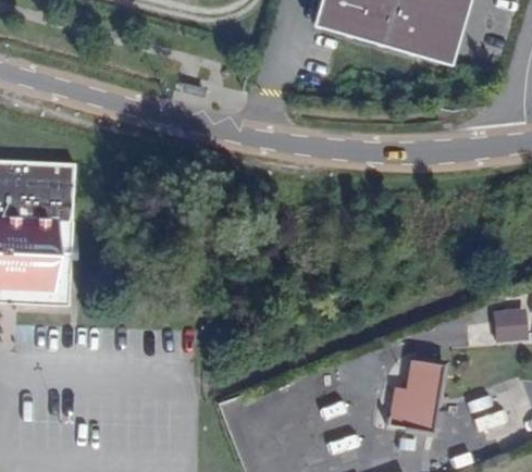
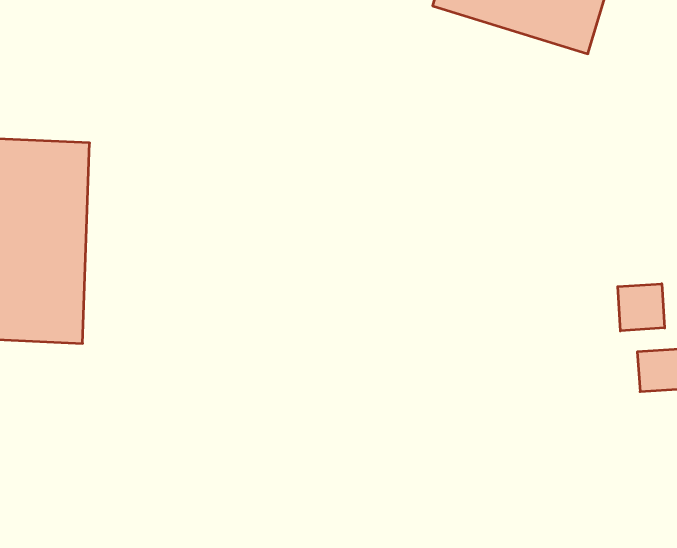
building: none -> [618,284,665,331]
building: [382,352,438,426] -> none

